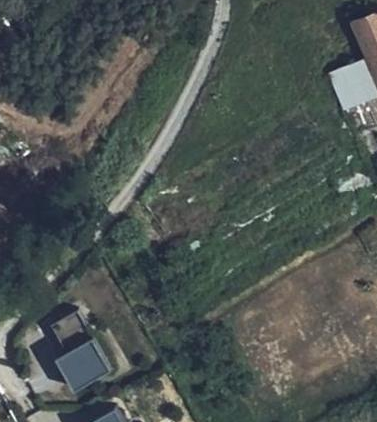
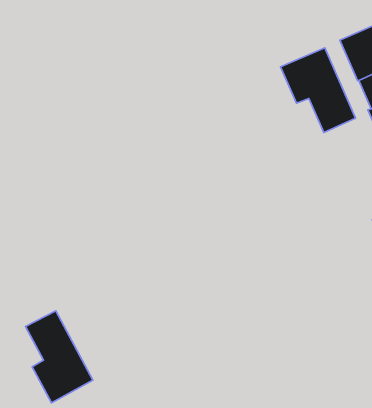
building: none -> [280,48,356,133]

